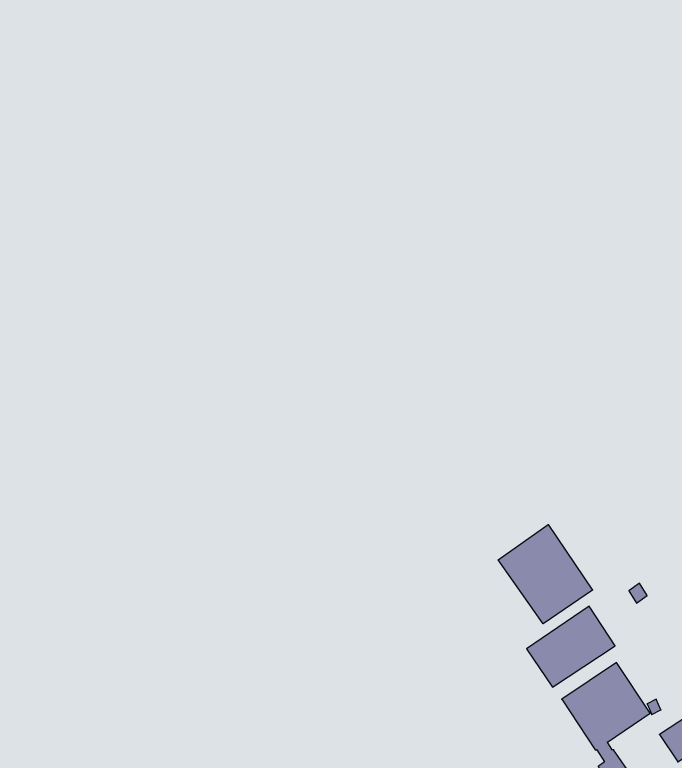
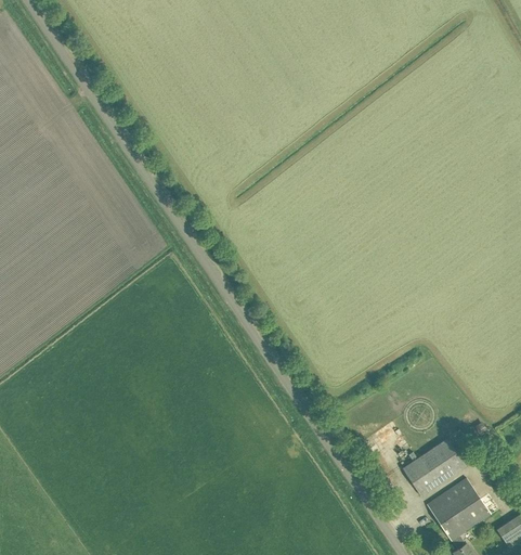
building: [498,525,593,624] -> none

